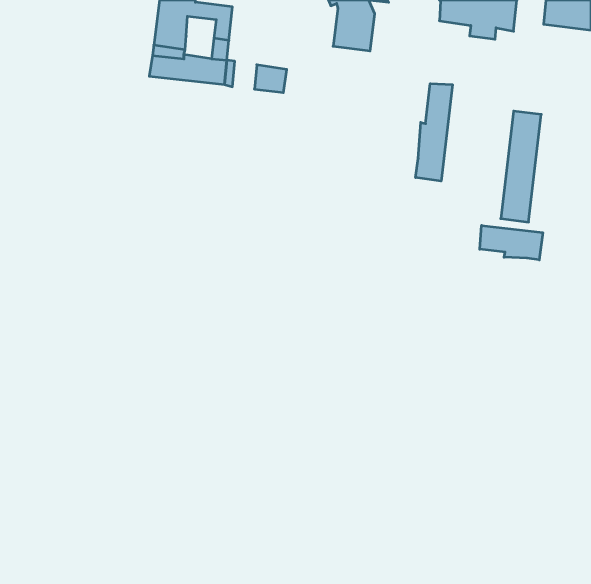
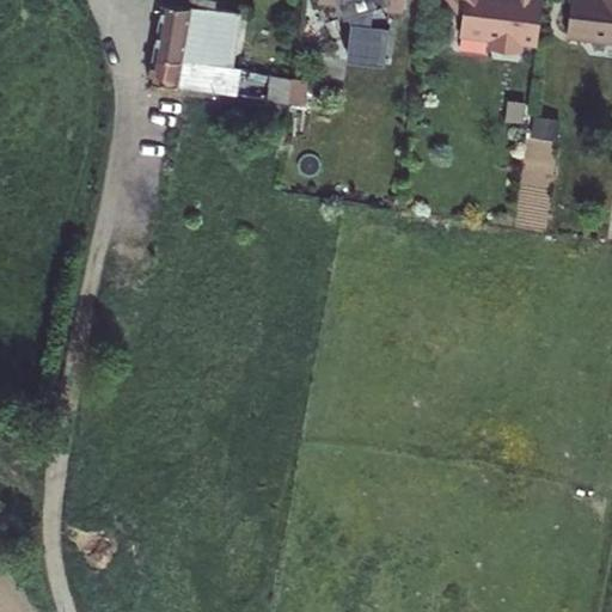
building: [416,84,452,181] -> none
building: [480,225,543,260] -> none

